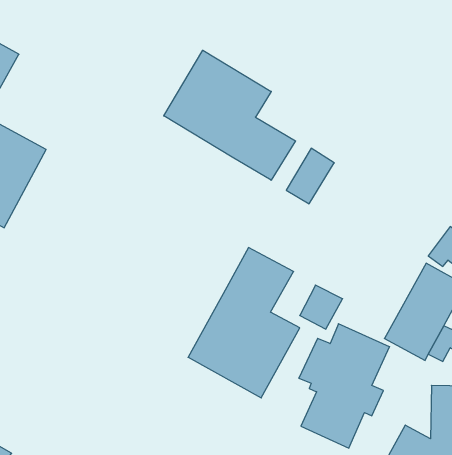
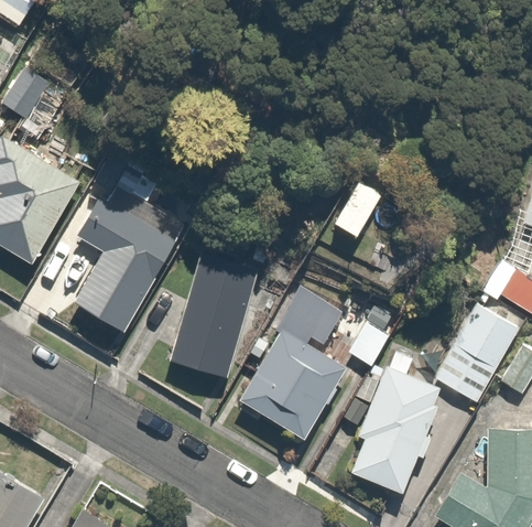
building: [164,50,296,180] -> none
building: none -> [69,191,185,335]
building: none -> [169,252,258,379]

